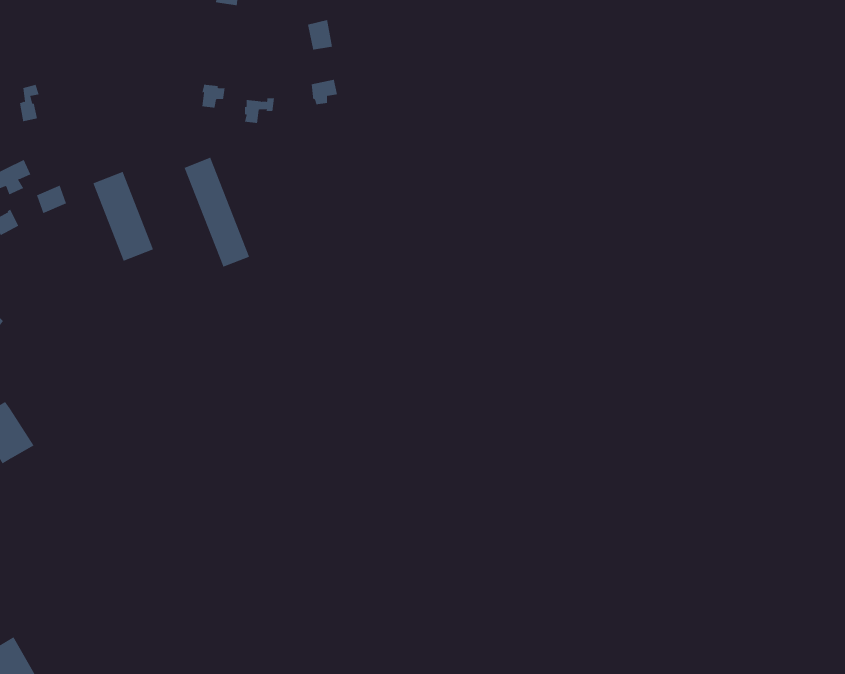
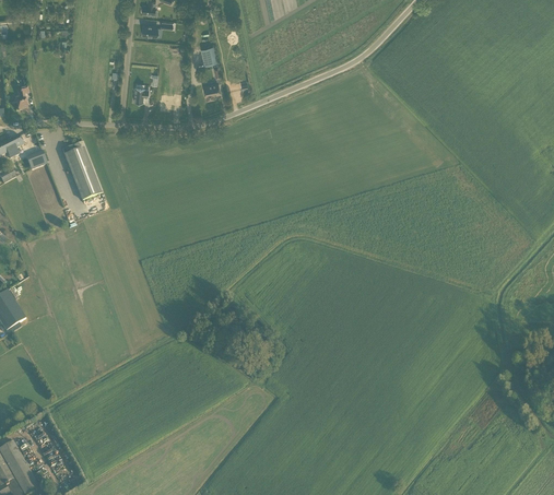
building: [184,157,250,268] -> none

